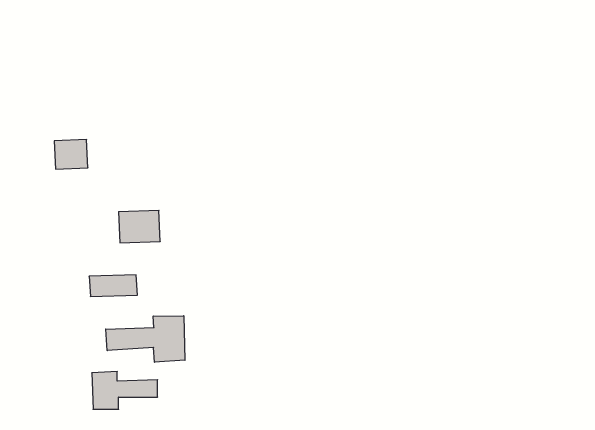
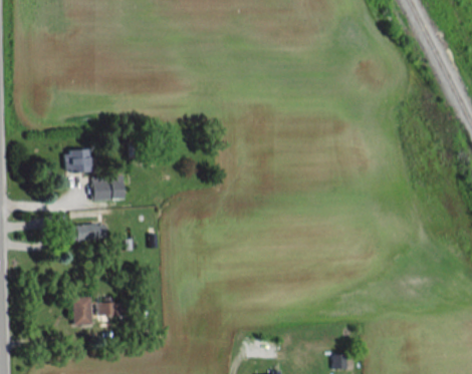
building: [54,140,88,169] -> [64,150,89,172]
building: [106,316,185,362] -> none

